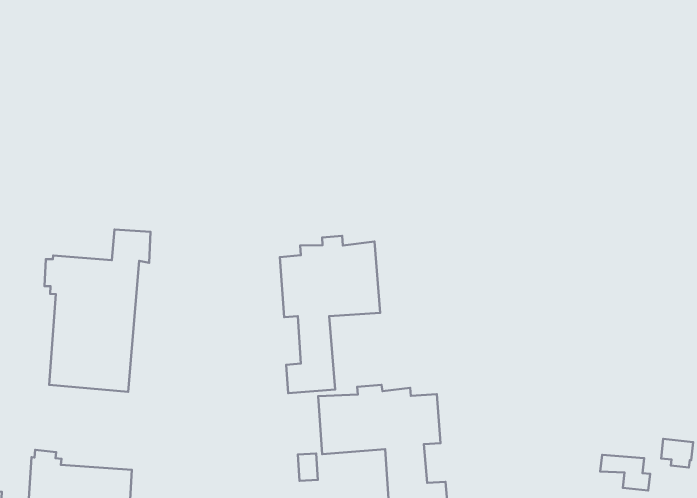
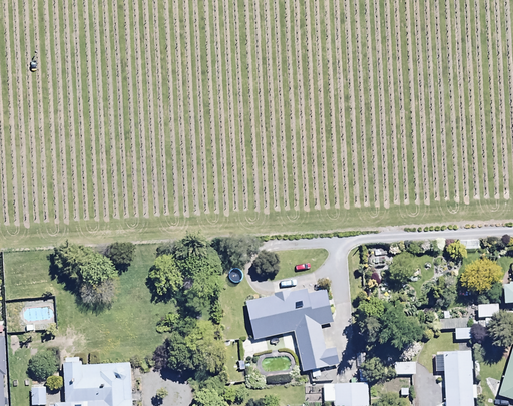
building: [45,229,150,392] -> none
building: [280,236,380,393] -> none

